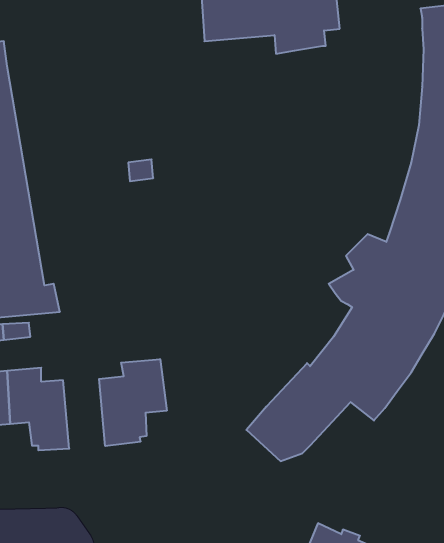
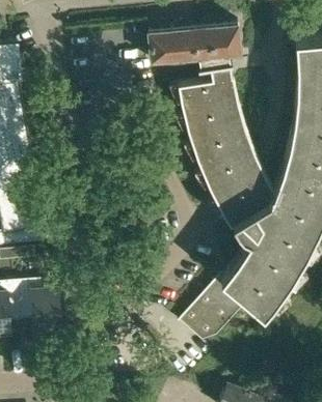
building: none -> [178,63,274,223]
building: [99,359,167,446] -> none

